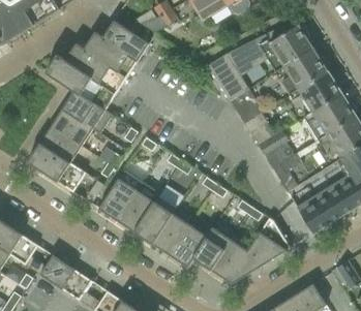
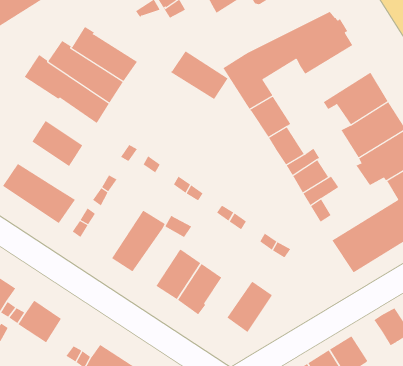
building: [101,21,149,61] -> [170,51,228,100]
building: [274,48,329,95] -> none
building: [62,91,113,134] -> none
building: [39,126,82,163] -> none
building: [98,169,142,221] -> none
building: [133,197,176,244] -> none
building: [228,218,291,284] -> none
building: [192,227,231,270] -> none

